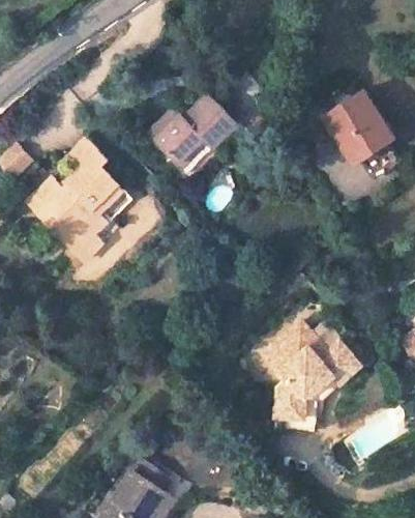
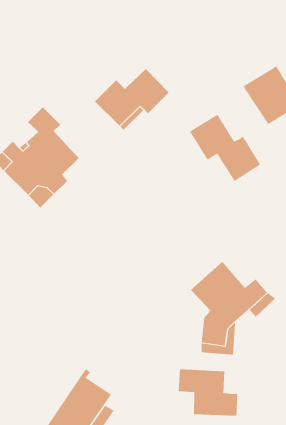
building: none -> [189,114,261,182]
building: none -> [178,368,238,417]

